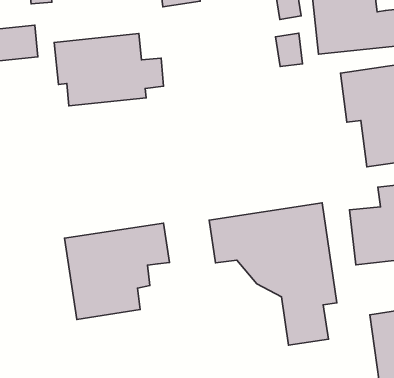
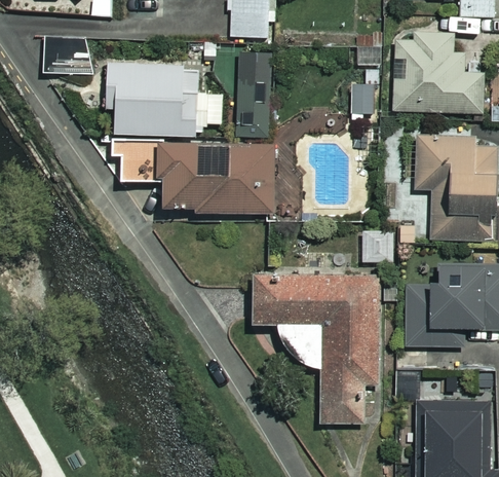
building: none -> [236,78,271,136]
building: none -> [119,144,272,213]
building: [65,223,169,320] -> none

